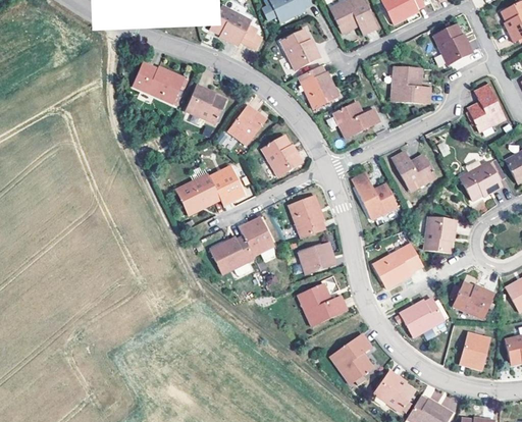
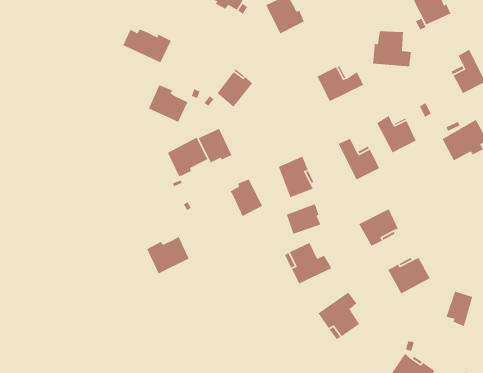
building: [300,64,340,107] -> none
building: [184,82,225,121] -> [148,84,188,123]
building: [260,133,302,176] -> none
building: [425,216,456,253] -> none
building: [211,235,256,275] -> [146,236,190,275]
building: [456,282,497,318] -> none
building: [376,369,416,412] -> none

